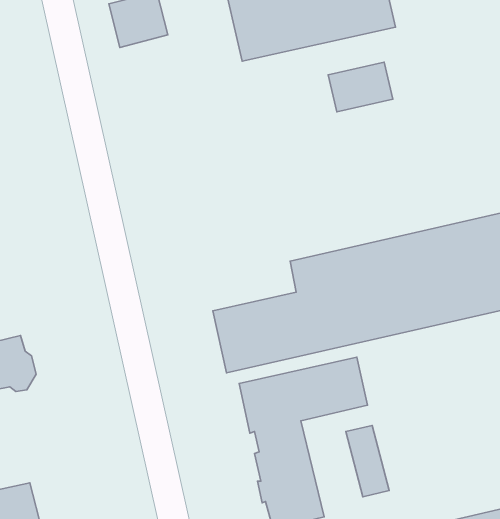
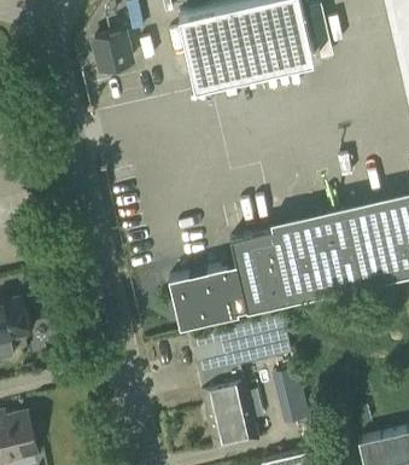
building: [328,62,393,112] -> none

